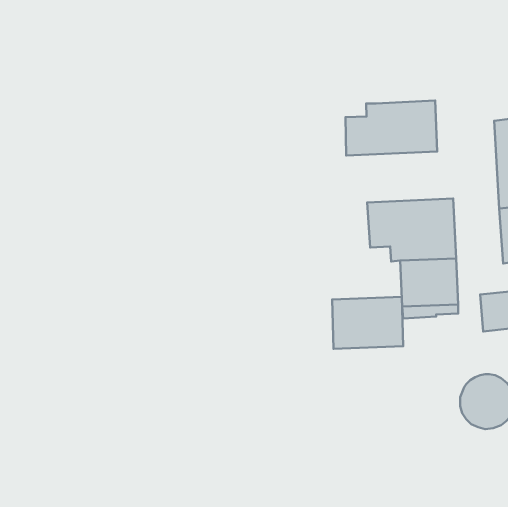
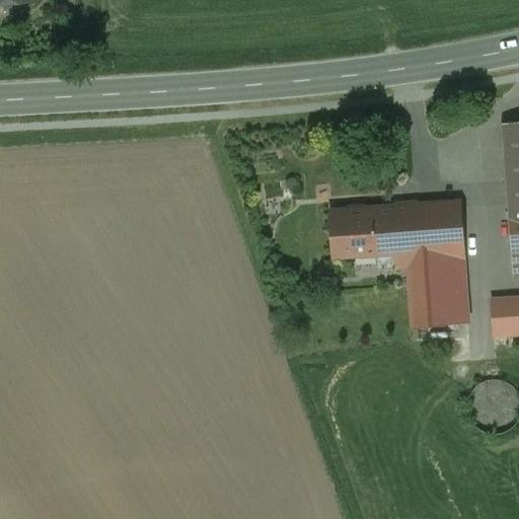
building: [345,100,437,156] -> none
building: none -> [332,206,378,253]
building: [332,297,403,349] -> none

